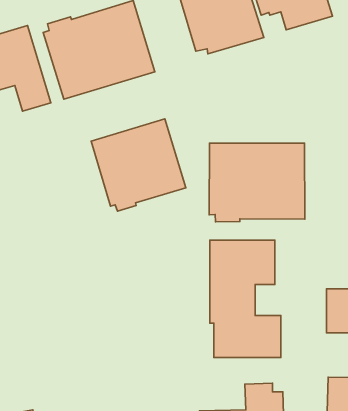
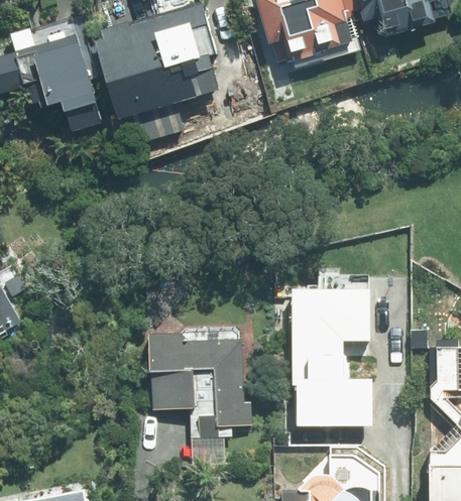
building: [91,119,186,211] -> none
building: [209,143,305,222] -> none
building: none -> [147,326,251,434]

